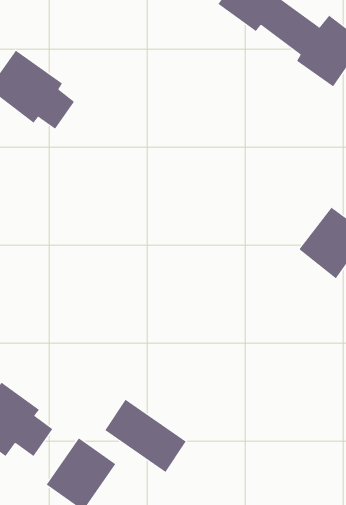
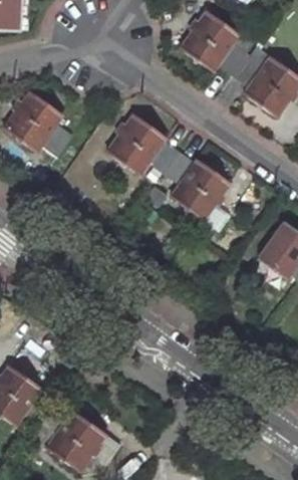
building: none -> [108,112,233,221]
building: [105,399,187,473] -> none

